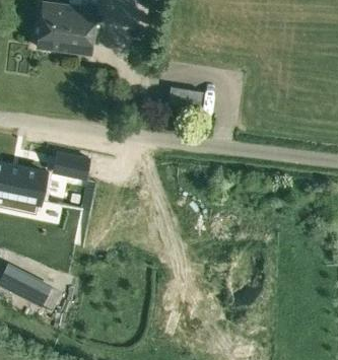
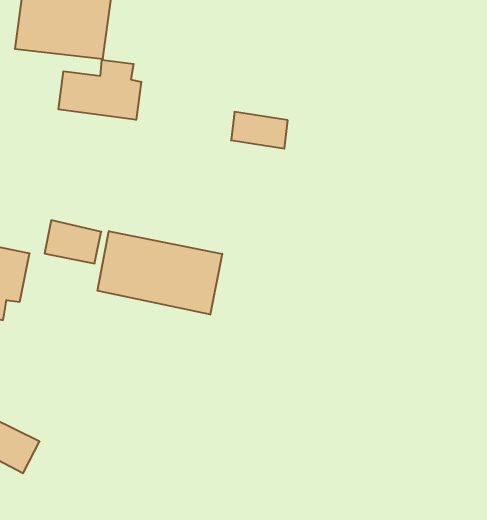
building: none -> [58,60,141,120]
building: none -> [97,231,222,315]

